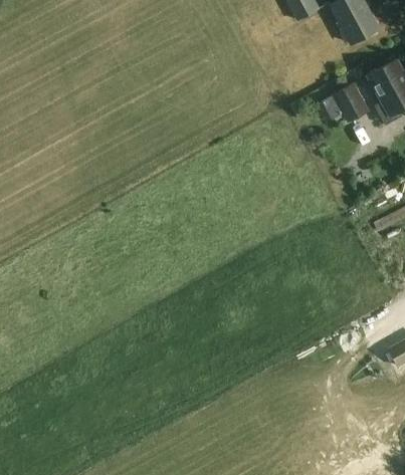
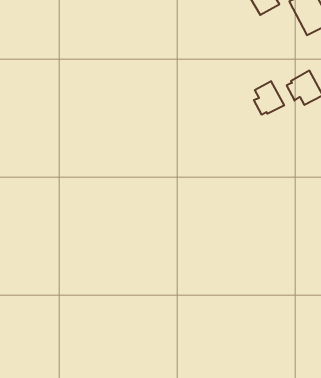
building: none -> [254,81,284,115]

